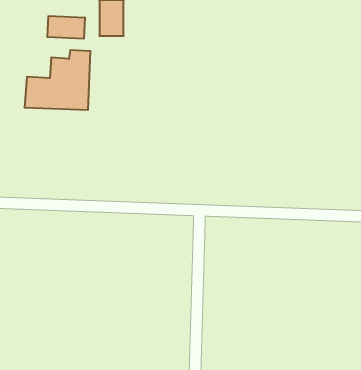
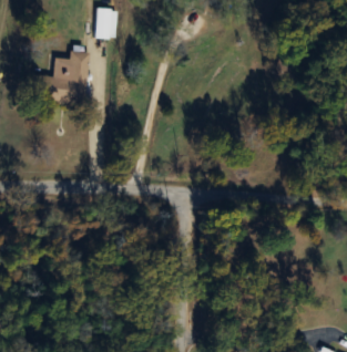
building: [47,16,85,39] -> none

